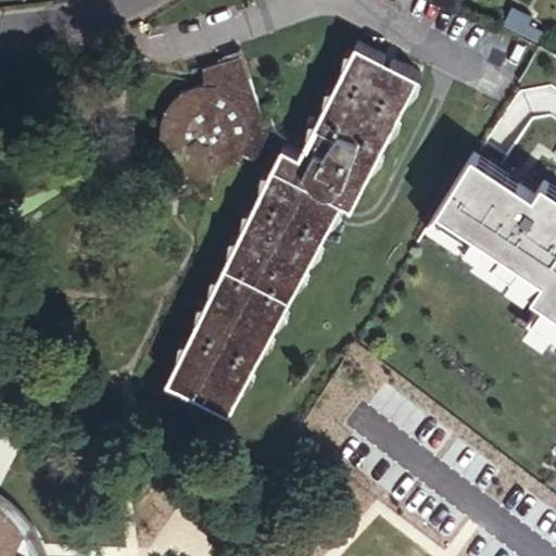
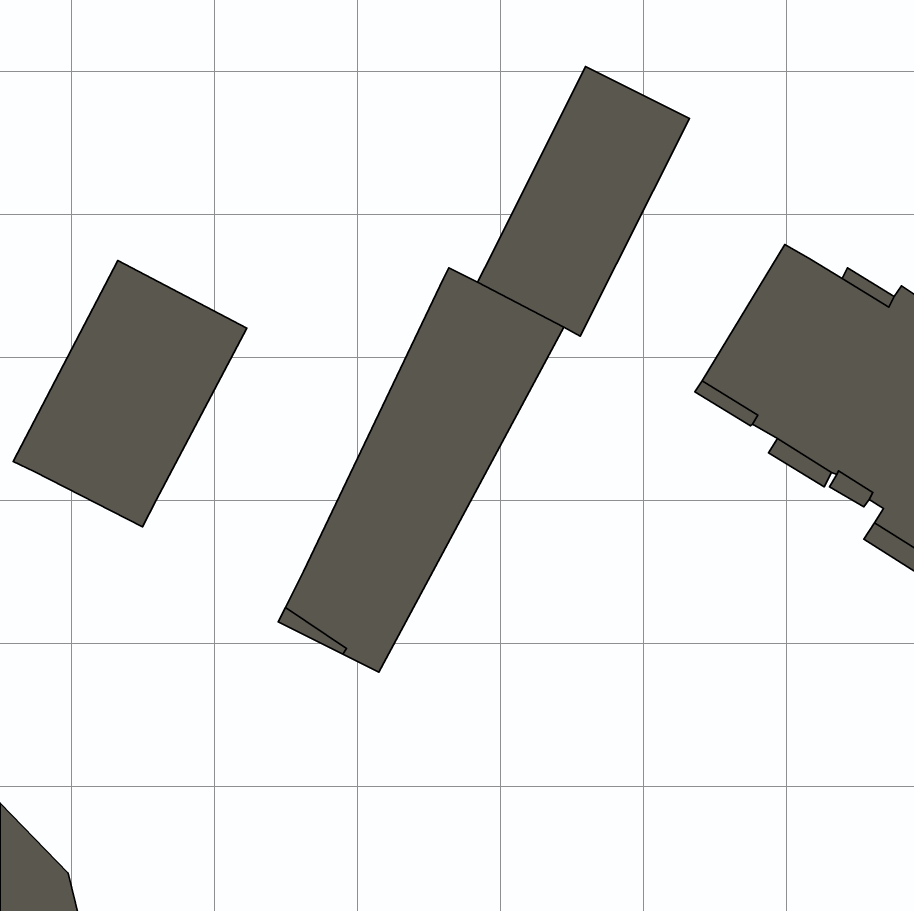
building: [156,56,300,184] -> none
building: none -> [13,260,247,527]

